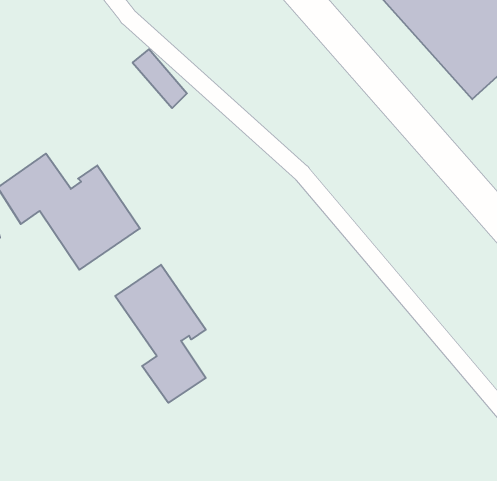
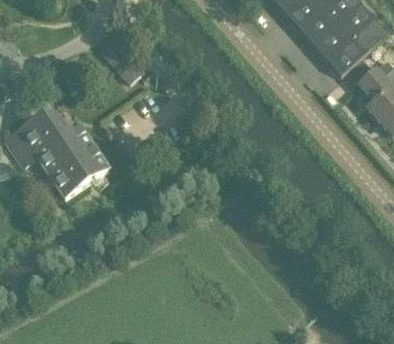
building: [115,265,206,403] -> none

